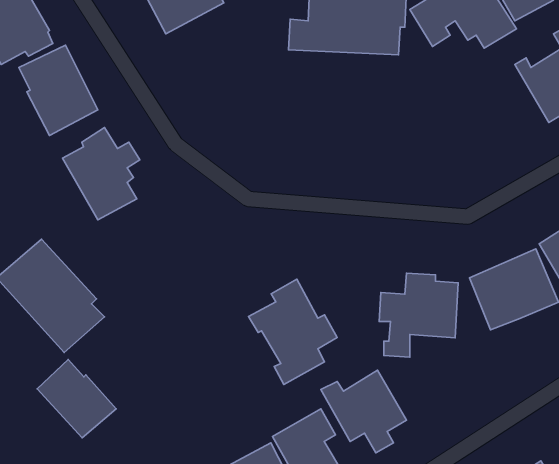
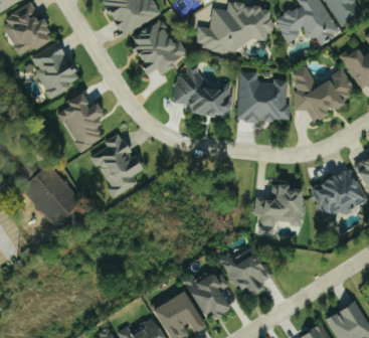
building: none -> [129,21,189,73]
building: none -> [172,64,232,119]
building: none -> [295,65,354,120]
building: none -> [236,71,289,122]
building: [248,279,337,384] -> [89,133,145,198]
building: [37,360,116,438] -> none

